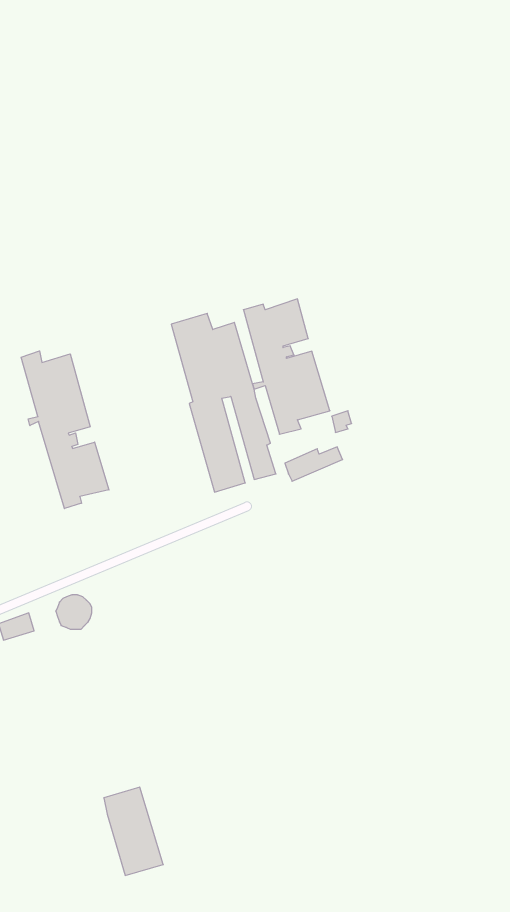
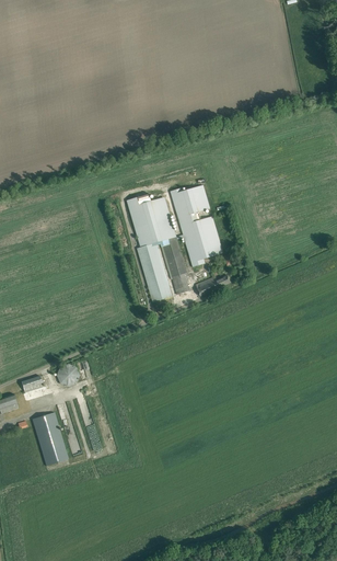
building: [21,351,109,509] -> none
building: [104,787,163,875] -> [32,411,68,465]

